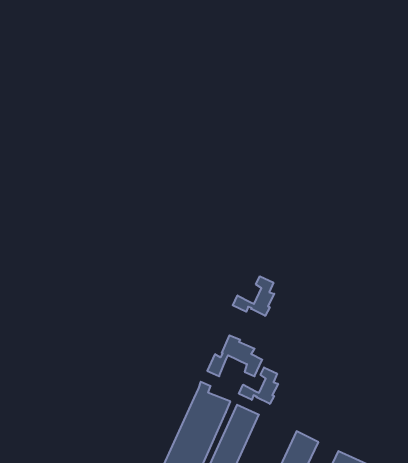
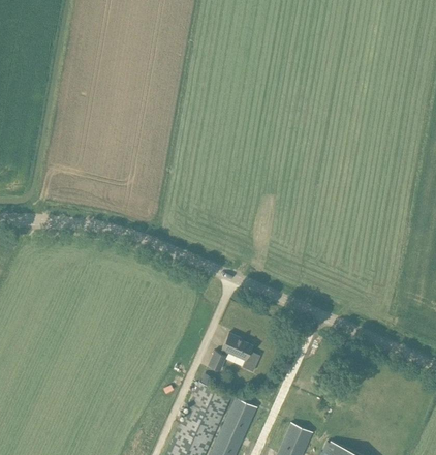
building: [233,276,274,316] -> none
building: [239,367,278,404] -> none

